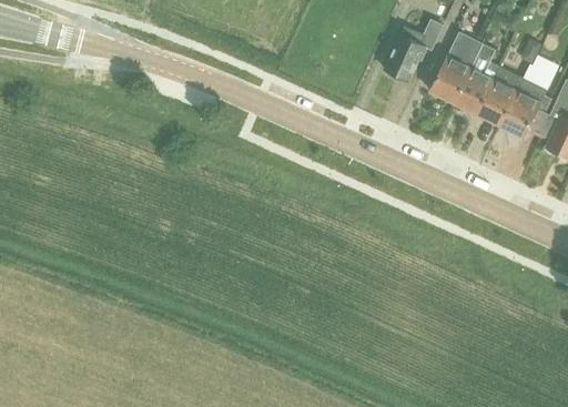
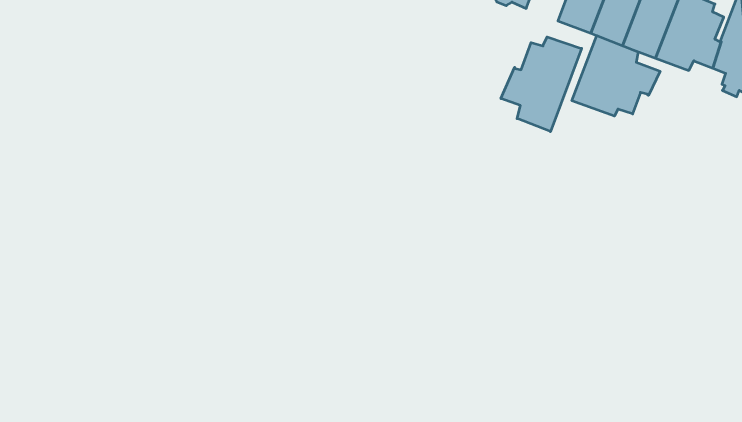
building: none -> [501,37,582,132]
building: none -> [572,36,660,116]

